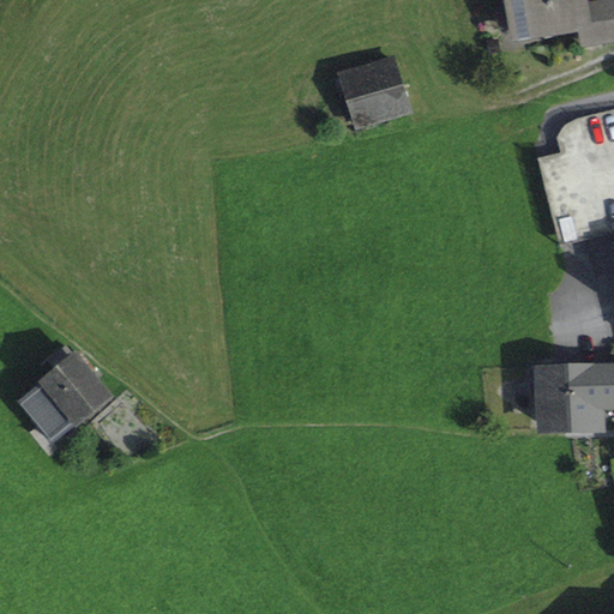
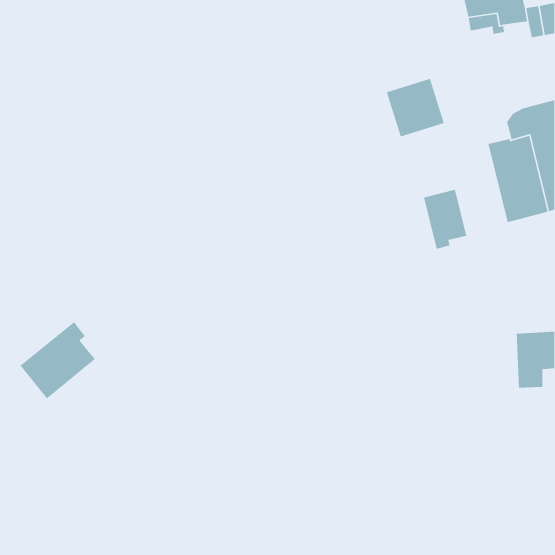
building: [344,60,409,126] -> [386,78,445,138]
building: none -> [423,189,467,250]
building: [532,367,571,429] -> none

